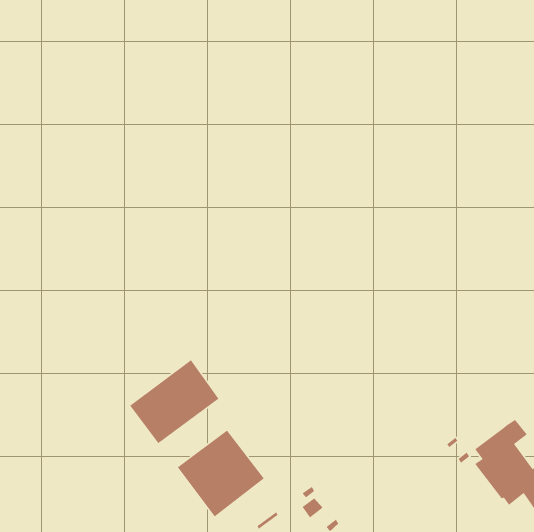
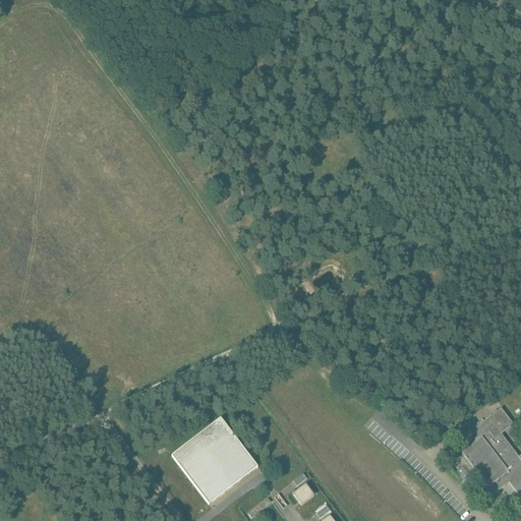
building: [129,359,219,444] -> none

